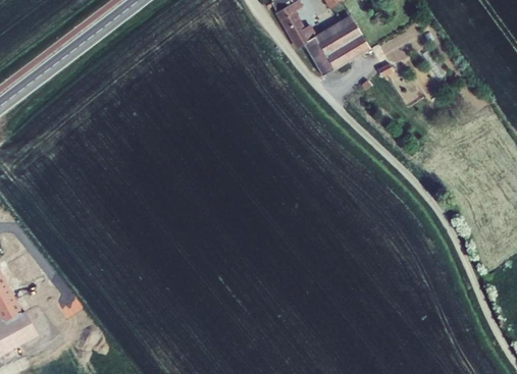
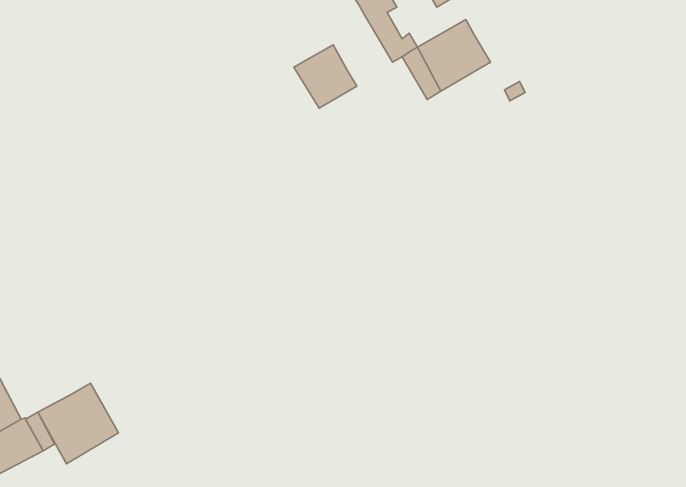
building: none -> [294,45,357,108]
building: none -> [38,383,119,464]

